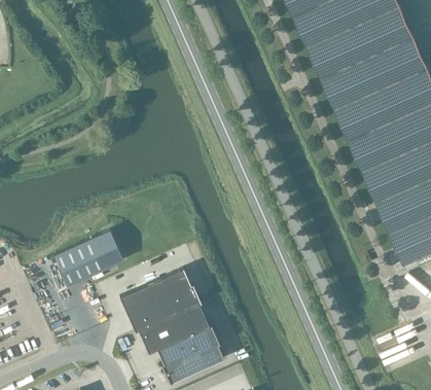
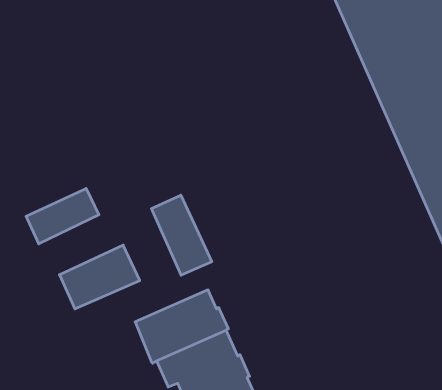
building: none -> [26,188,99,244]
building: none -> [151,195,212,275]

